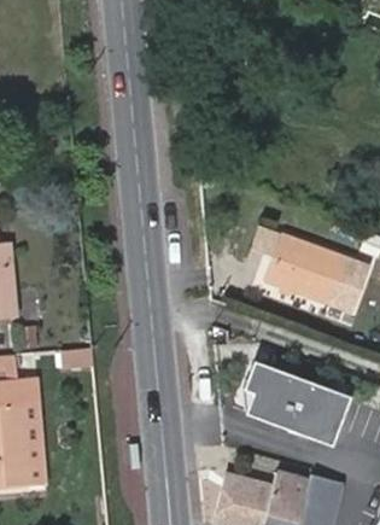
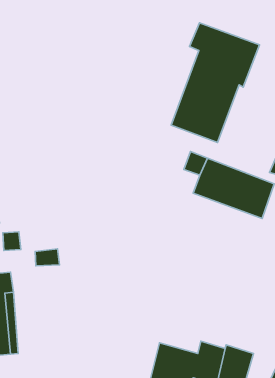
building: none -> [171,23,260,142]
building: [238,357,349,445] -> none

